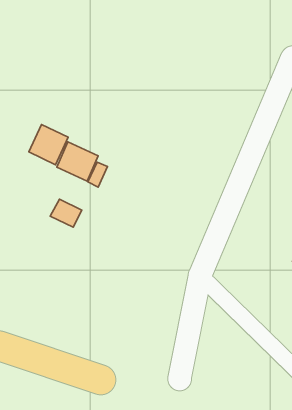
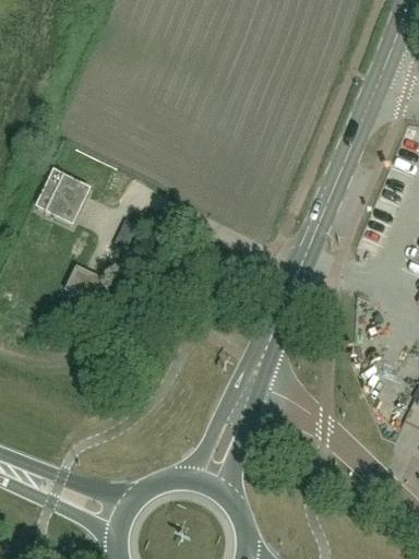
building: [57,142,98,181] -> none

